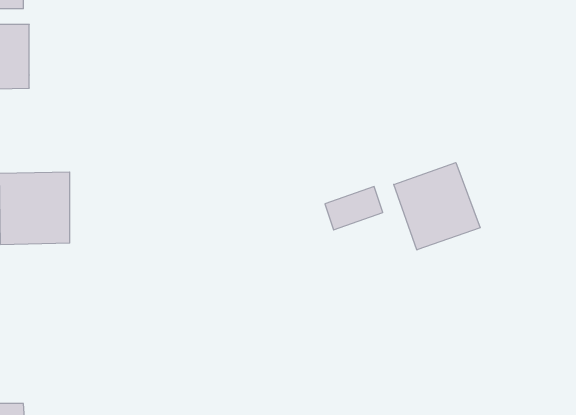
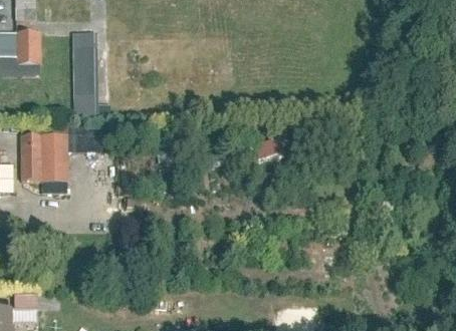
building: none -> [73,32,106,117]
building: [394,163,480,250] -> none

